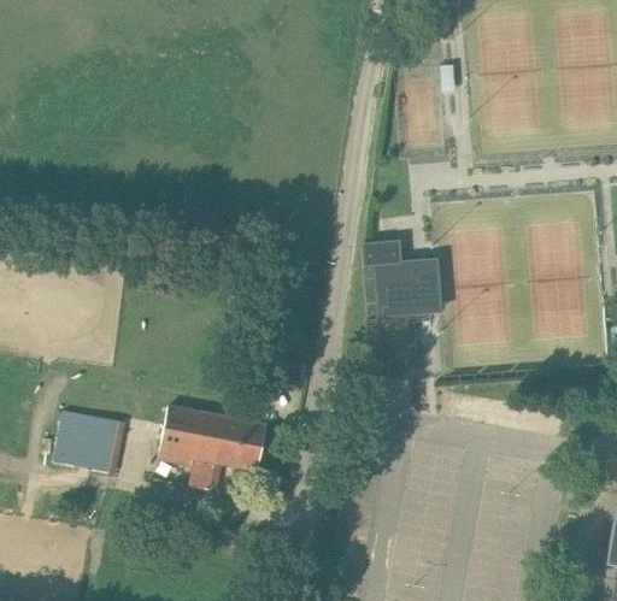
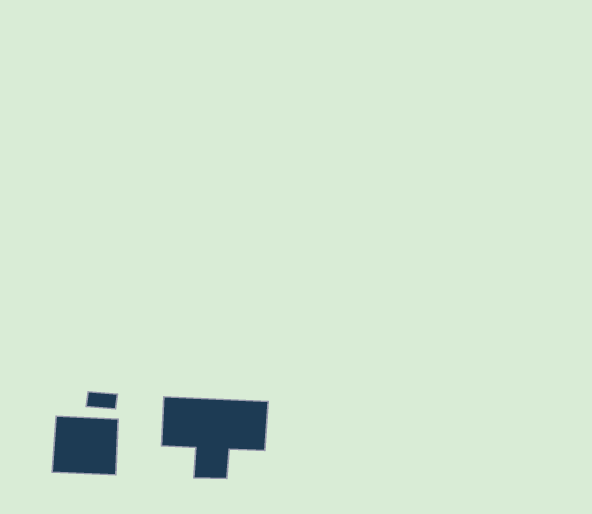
building: [360,242,441,316] -> none

